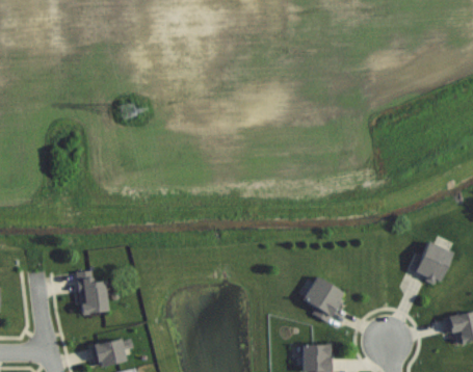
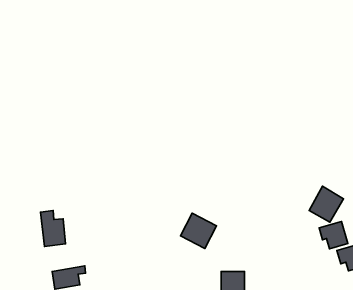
building: [299,276,344,320] -> [181,213,217,248]
building: none -> [319,221,348,249]

